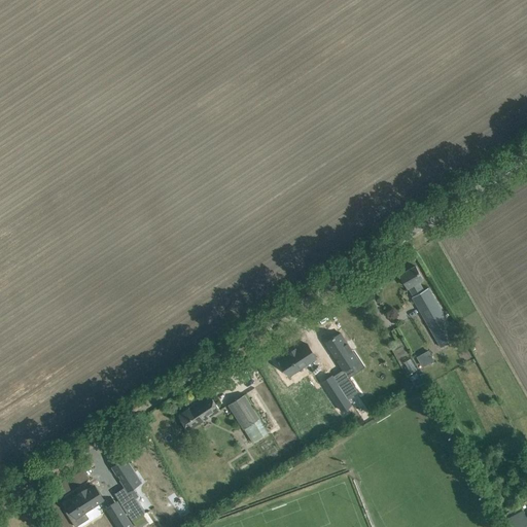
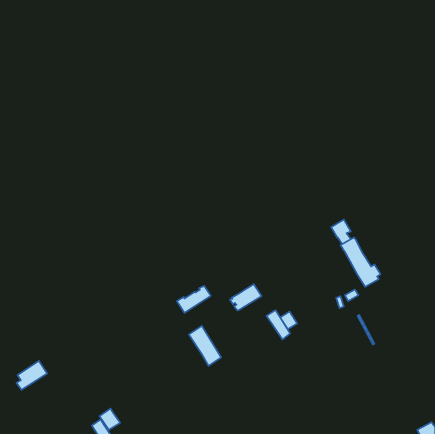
building: [327,333,358,375] -> none
building: [178,397,219,430] -> [177,286,211,313]
building: [112,459,141,492] -> none
building: [66,486,103,521] -> [17,361,47,390]

